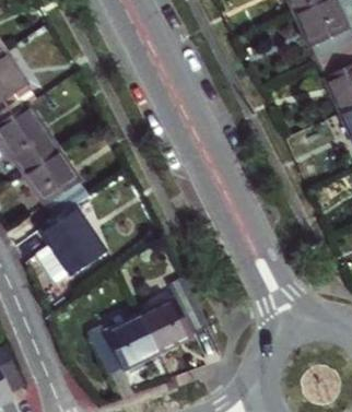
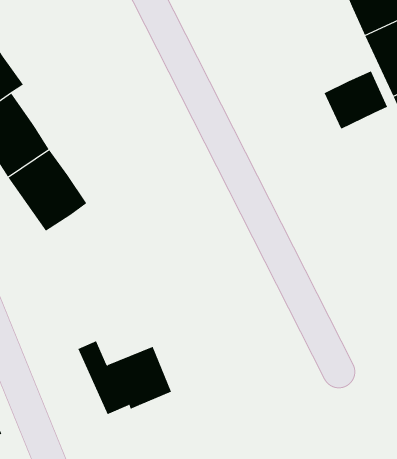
building: none -> [324,70,388,130]
building: [38,204,106,279] -> none
building: [144,274,210,348] -> none

